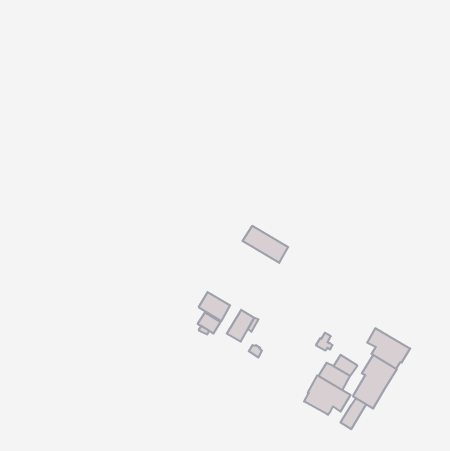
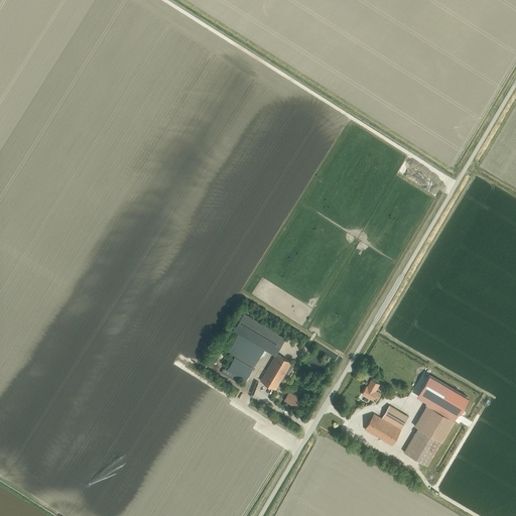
building: [242,226,288,263] -> [232,313,284,356]
building: [304,375,351,415] -> none
building: [341,398,366,429] -> none

